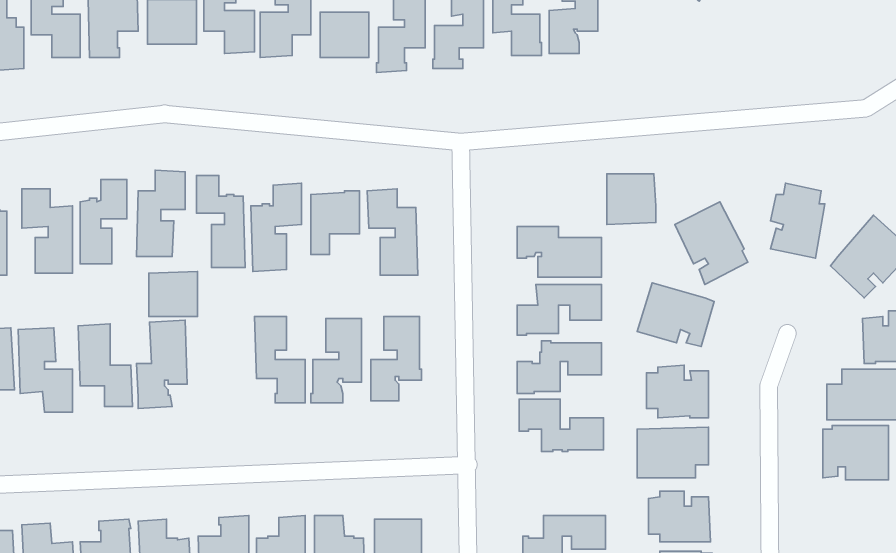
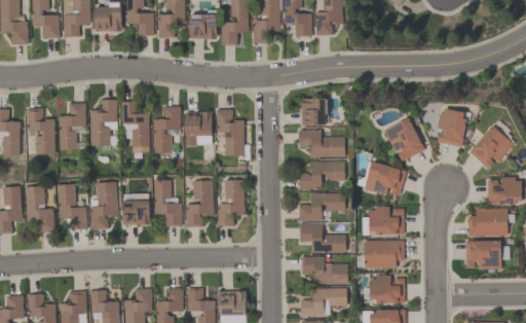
building: [607,174,656,224] -> [301,98,328,125]
building: [149,271,198,316] -> [123,199,150,223]
building: none -> [301,256,347,284]

